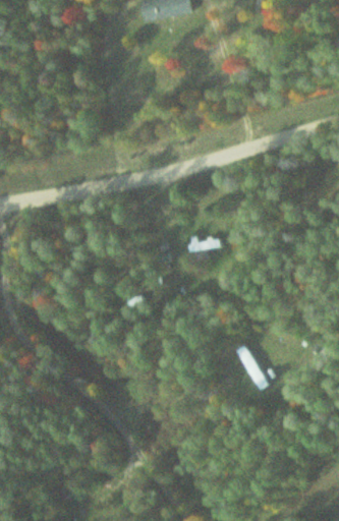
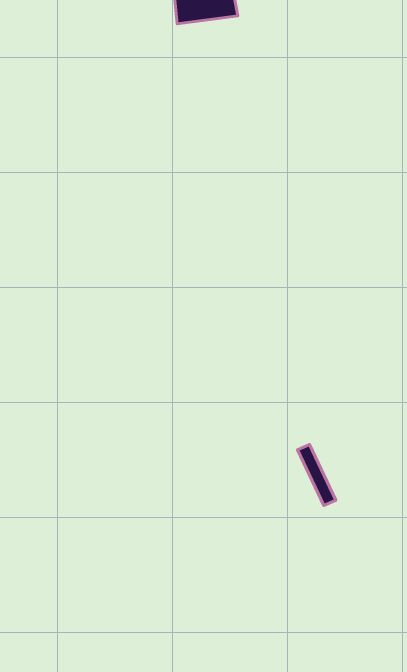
building: [189,234,219,257] -> none

